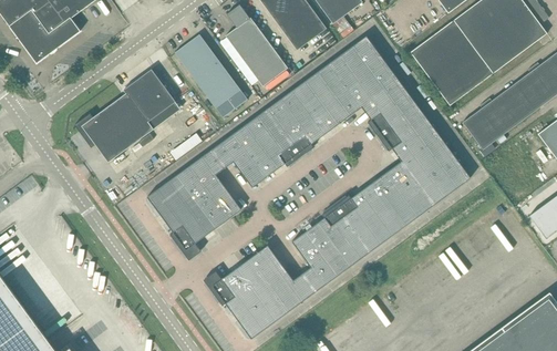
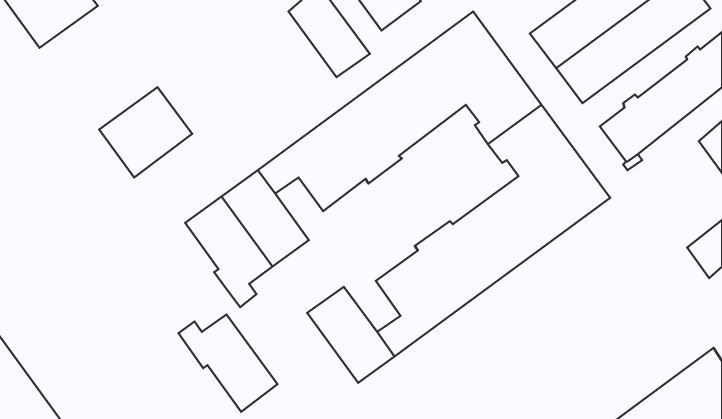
building: [175,33,247,117] -> none
building: [124,69,180,128] -> none
building: [204,265,279,339] -> [179,314,278,412]

